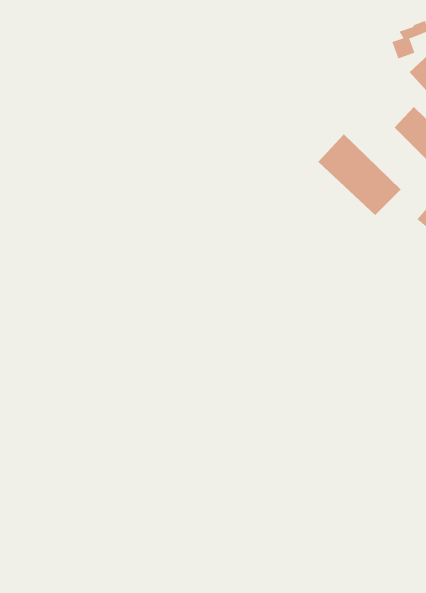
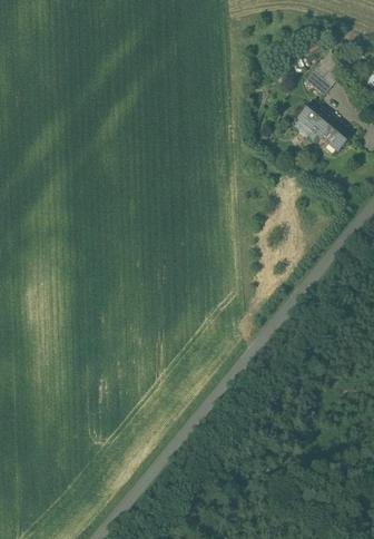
building: [318,133,401,216] -> none

